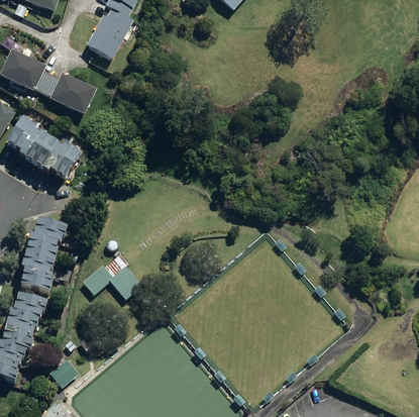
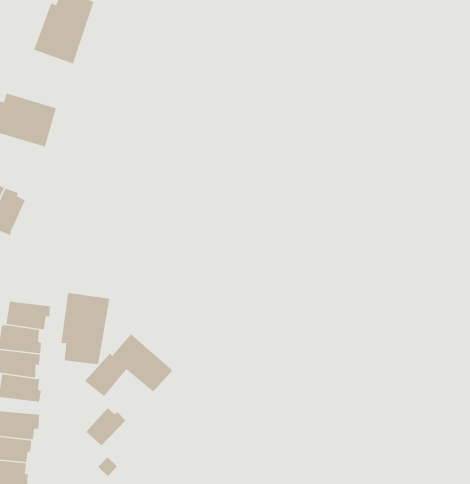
building: [49,145,80,178] -> none
building: none -> [60,292,110,365]
building: none -> [85,407,126,446]

